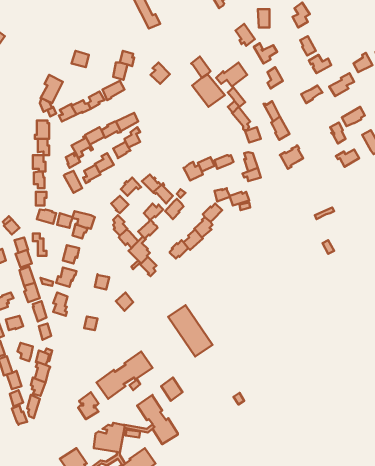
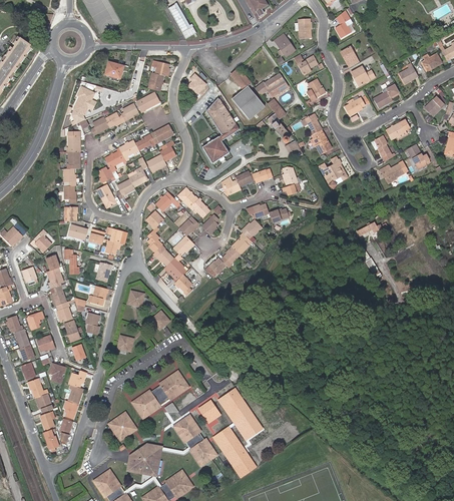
building: none -> [201,98,239,164]
building: [168,305,213,356] -> [216,388,263,441]
building: none -> [211,426,257,479]

